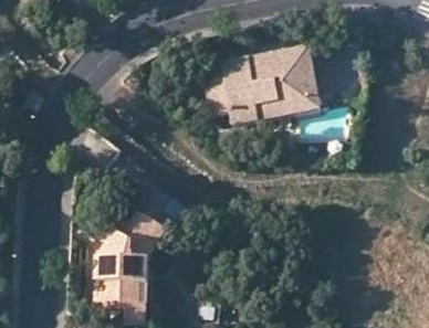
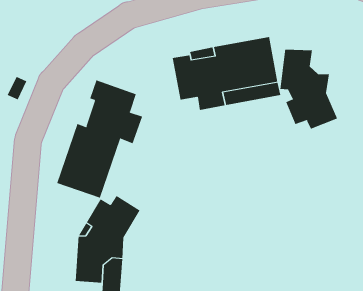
building: none -> [280,49,338,129]
building: none -> [56,79,143,198]

